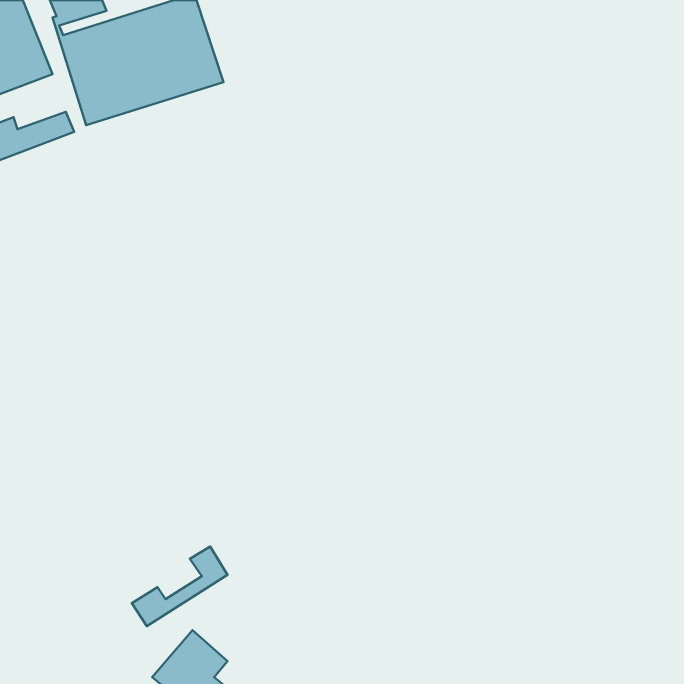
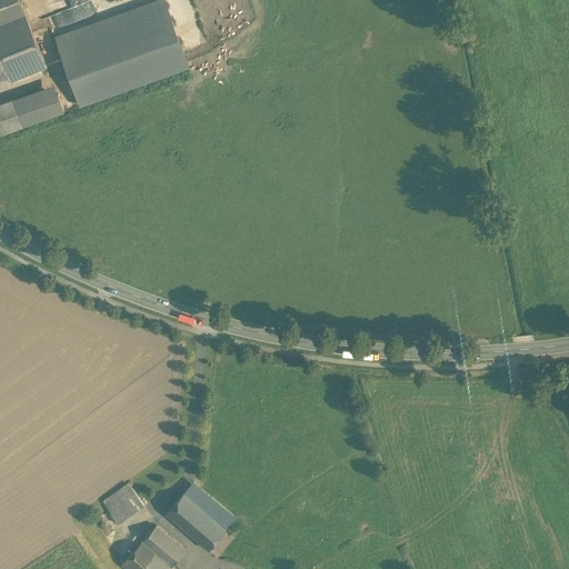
building: none -> [170,481,240,556]

